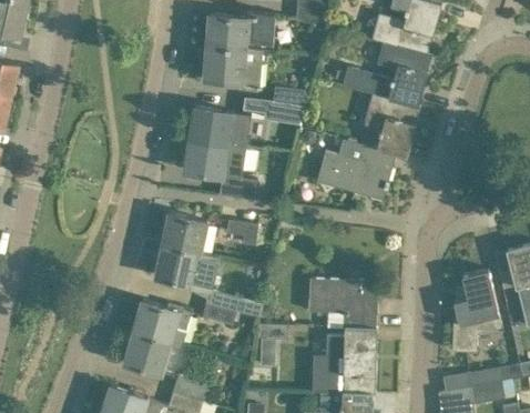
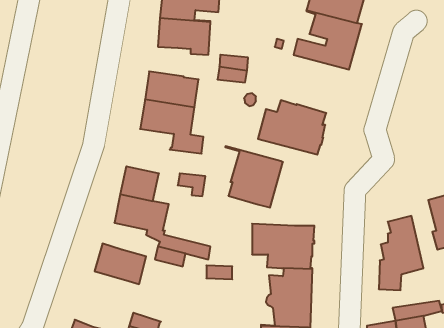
building: [355,88,419,157] -> [225,146,283,208]
building: [123,331,171,373] -> none

